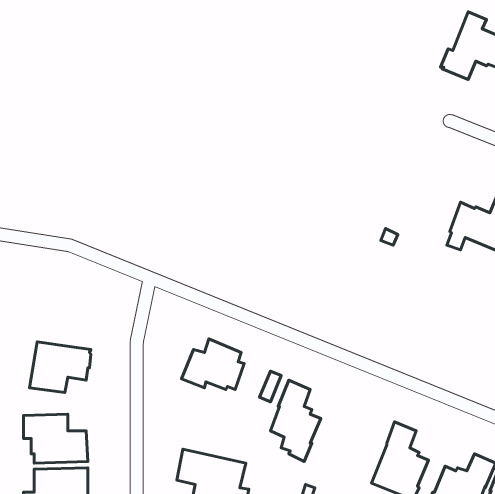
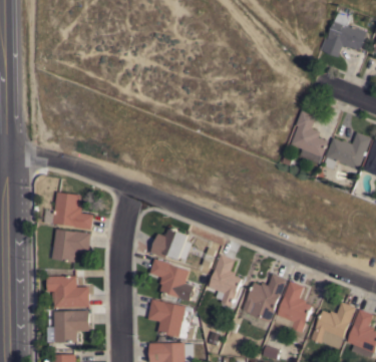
building: none -> [291,110,328,163]
building: none -> [52,192,93,230]
building: none -> [150,259,194,301]
building: none -> [242,274,287,323]

